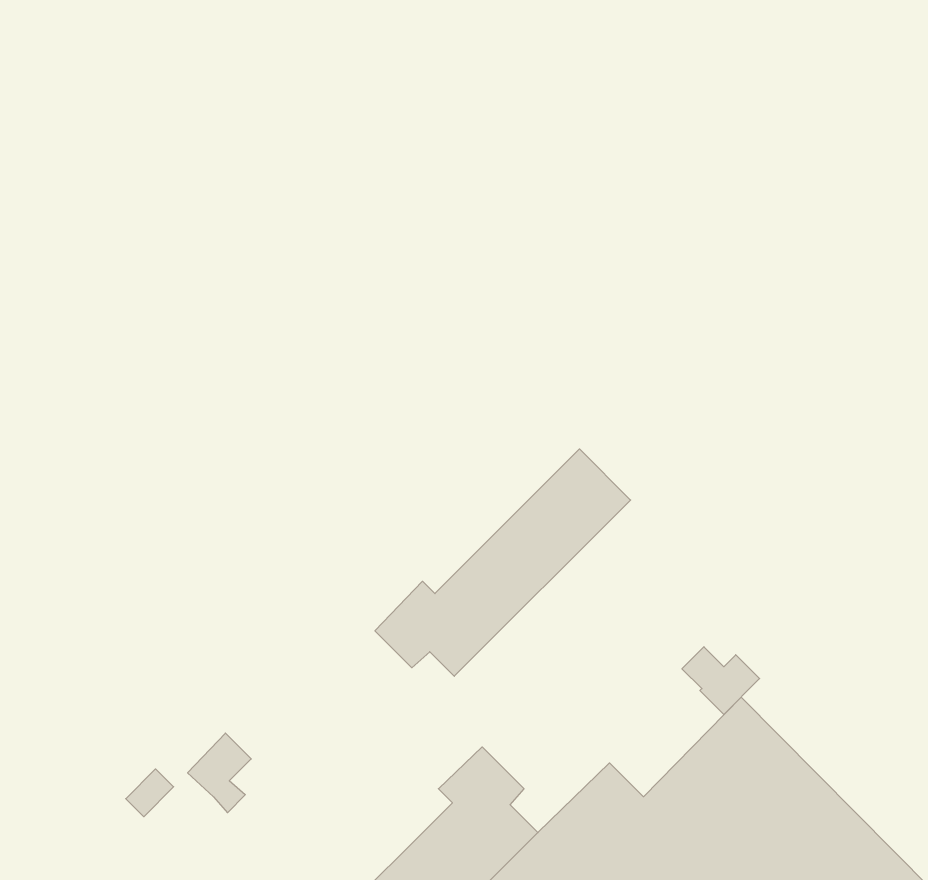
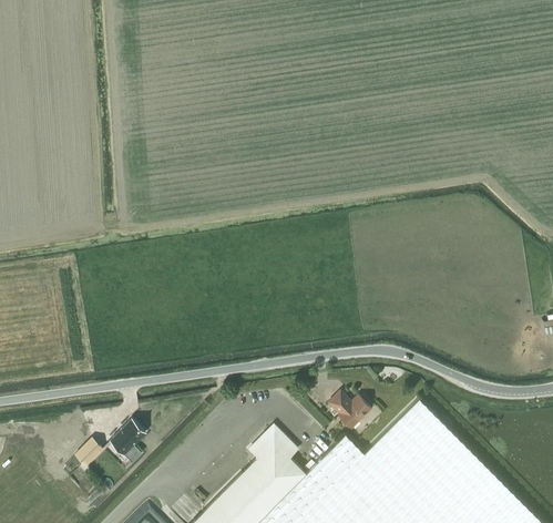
building: [375,449,631,676] -> none
building: [682,647,760,715] -> [328,392,371,430]

